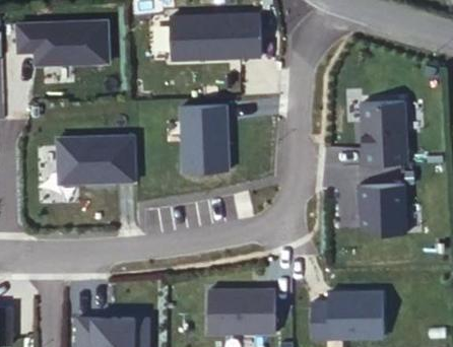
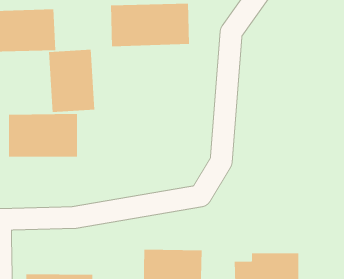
building: [359,100,407,166] -> none
building: [178,103,231,175] -> [48,49,95,113]
building: [357,186,405,235] -> none

